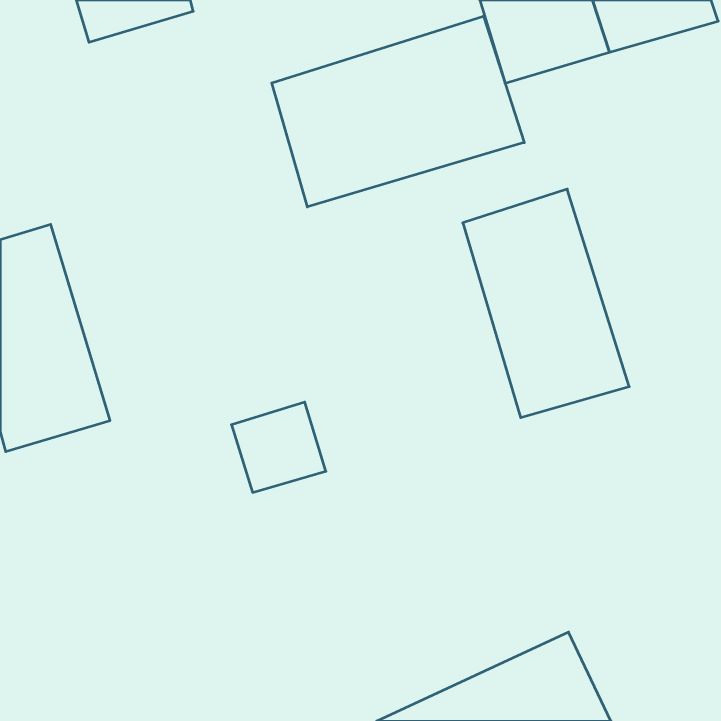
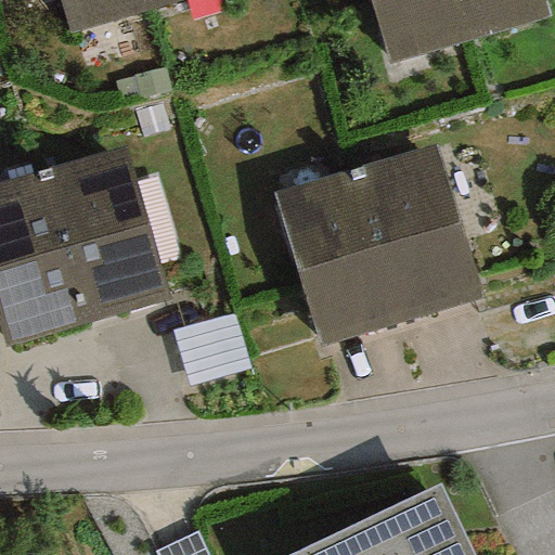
building: [272,16,524,207] -> none
building: none -> [39,147,168,323]
building: none -> [275,171,400,345]

